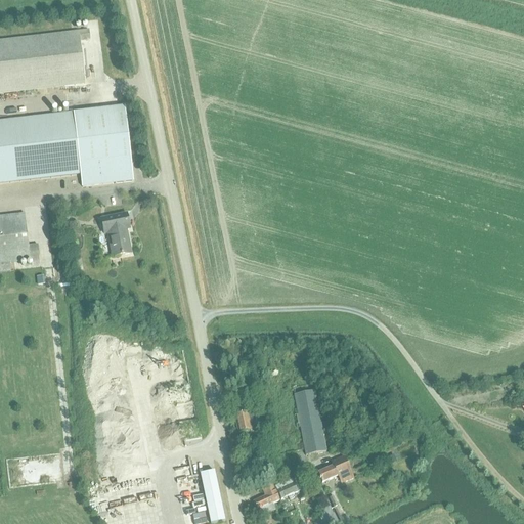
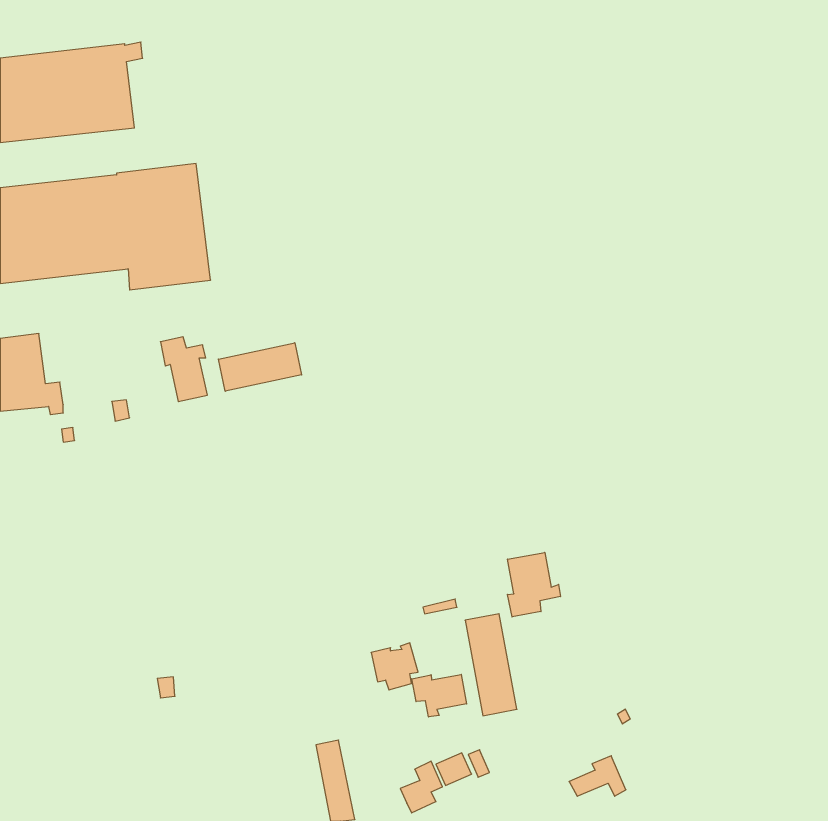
building: none -> [218,343,302,391]
building: none -> [507,552,560,617]
building: none -> [412,674,467,717]
building: [317,454,353,480] -> [569,756,626,796]

